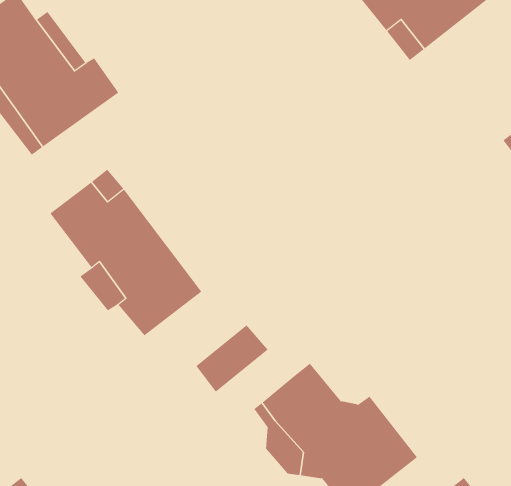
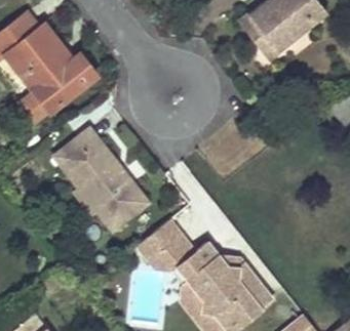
building: none -> [152,237,199,274]

